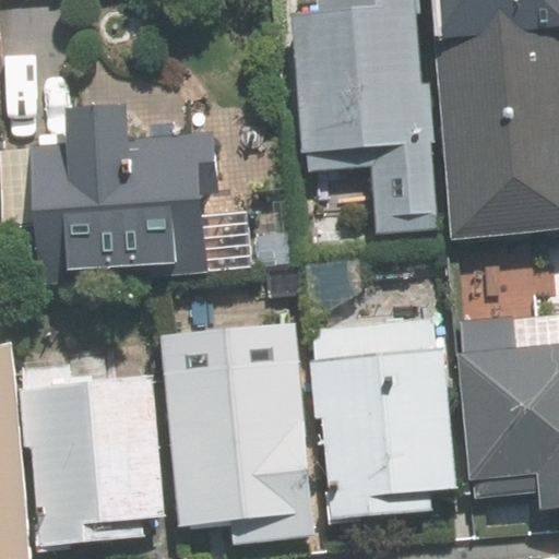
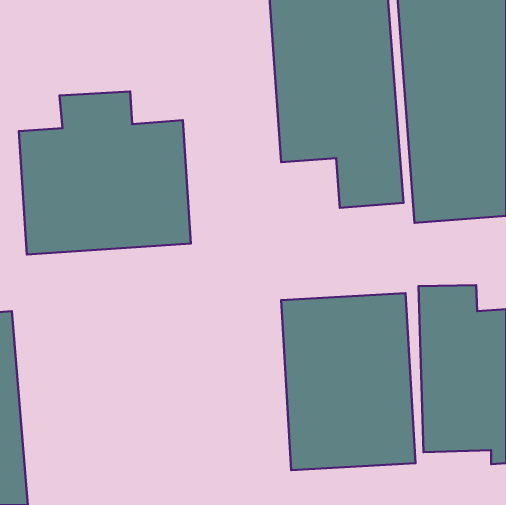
building: [168,348,305,522] -> none
building: [24,360,168,540] -> none

